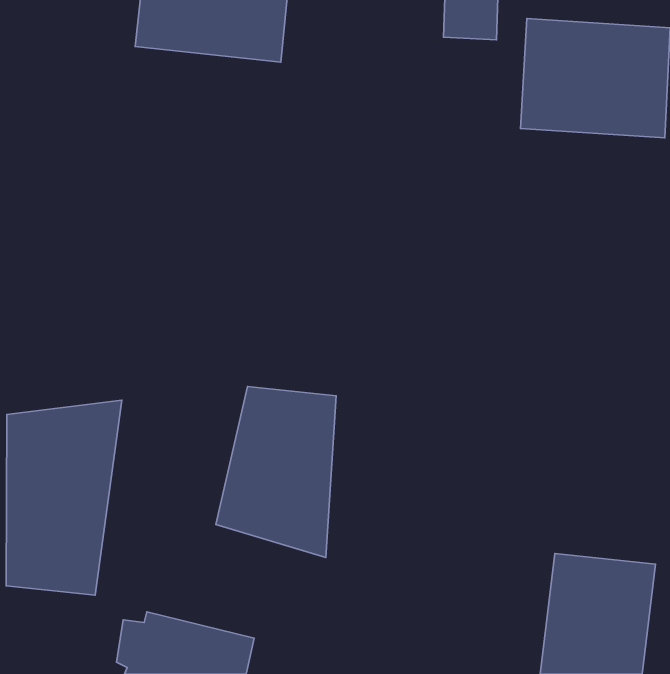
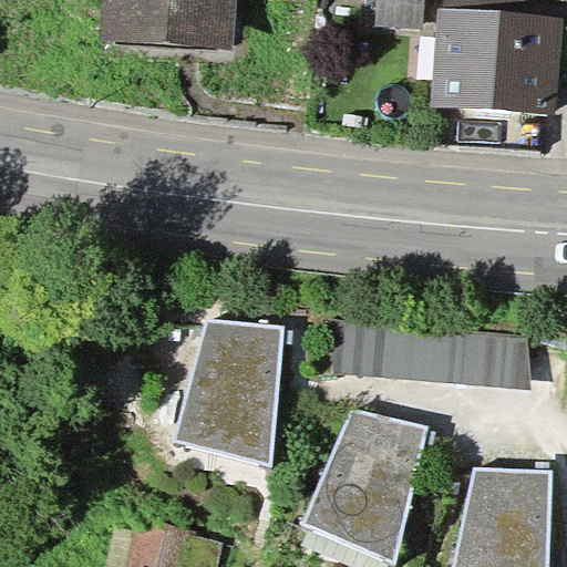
building: none -> [337,318,539,390]
building: [6,400,122,595] -> none
building: none -> [303,410,420,557]

